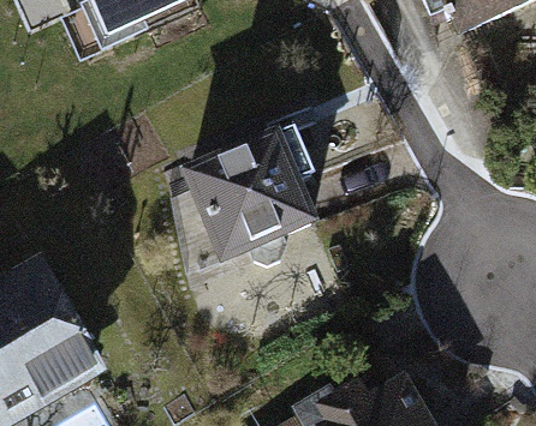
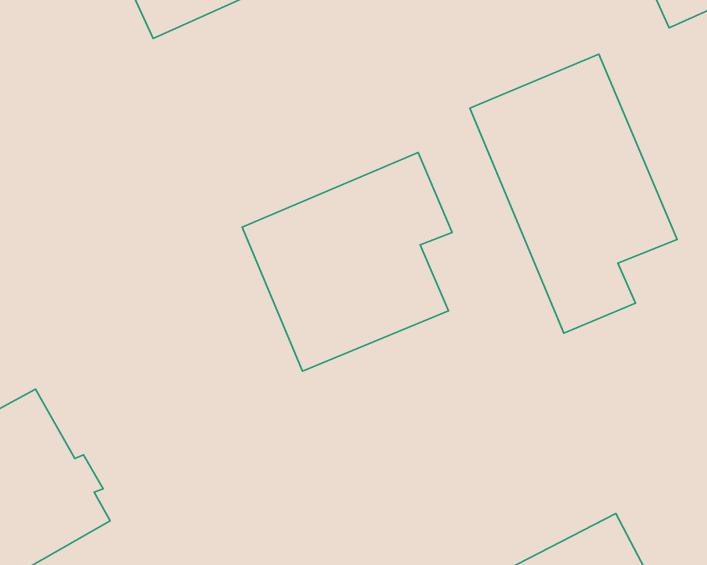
building: none -> [470,54,677,333]

